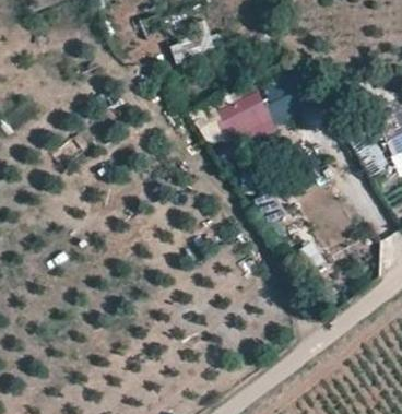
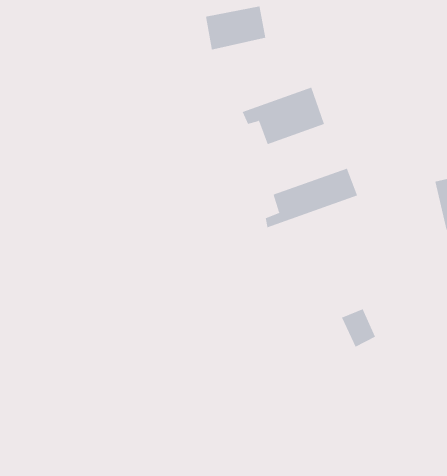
building: none -> [265,168,358,228]

